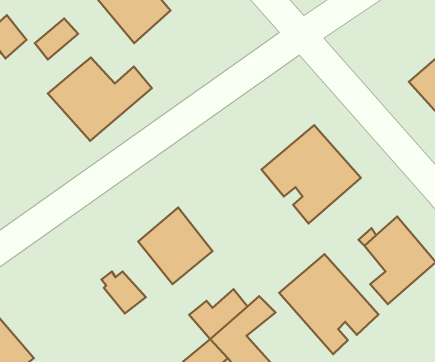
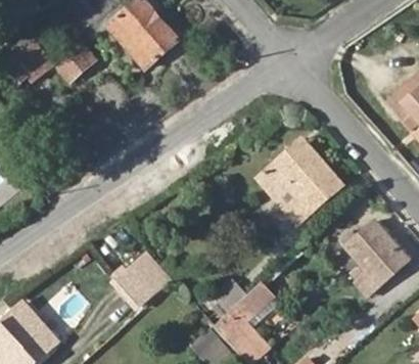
building: [48,57,152,141] -> none
building: [138,208,212,284] -> none
building: [279,254,378,354] -> none

